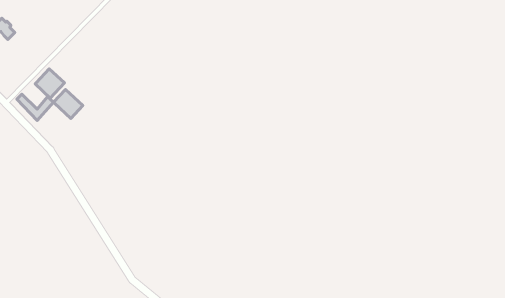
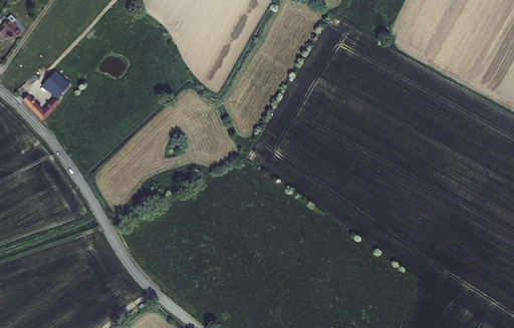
building: [53,89,83,118] -> none

